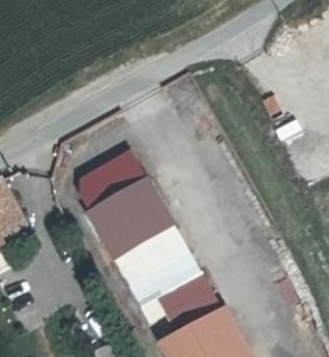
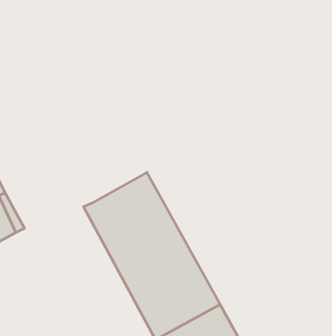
building: [79,148,148,206] -> none

